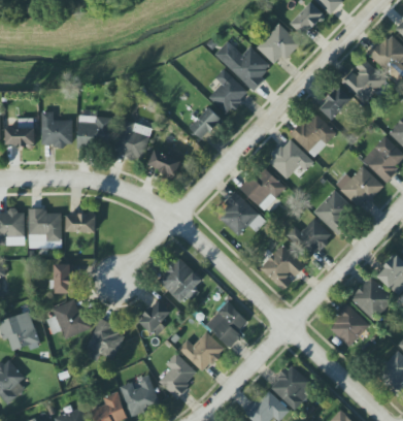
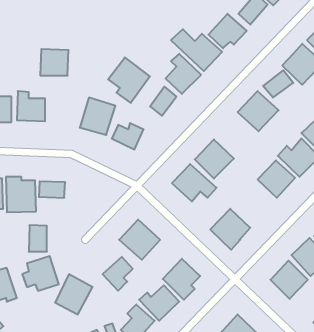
building: none -> [108,57,150,103]
building: [77,116,109,145] -> [40,49,69,76]
building: [267,138,313,179] -> none
building: [286,218,331,258] -> none

